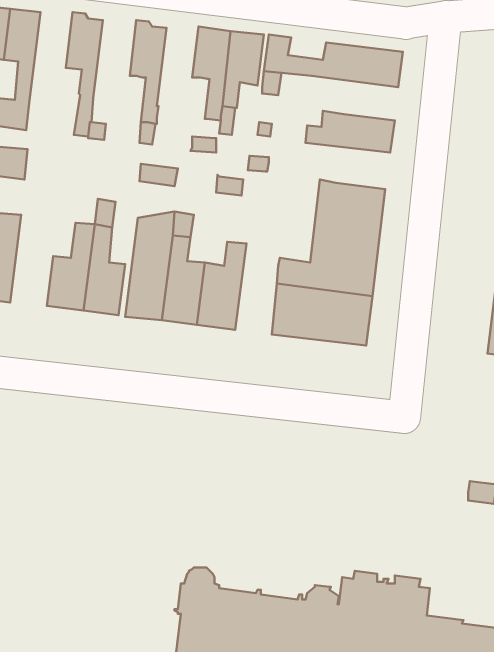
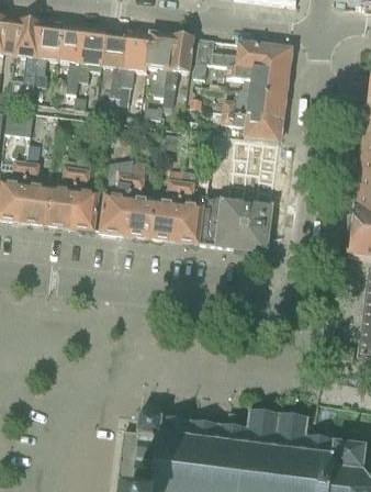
building: none -> [33,20,63,86]
building: none -> [77,25,106,81]
building: none -> [121,30,149,94]
building: none -> [225,65,286,96]
building: none -> [222,111,281,143]
building: none -> [20,160,49,223]
building: none -> [175,180,204,243]

